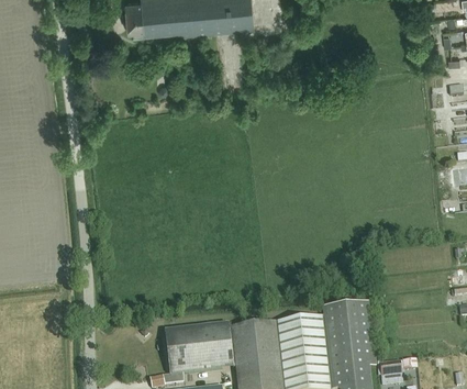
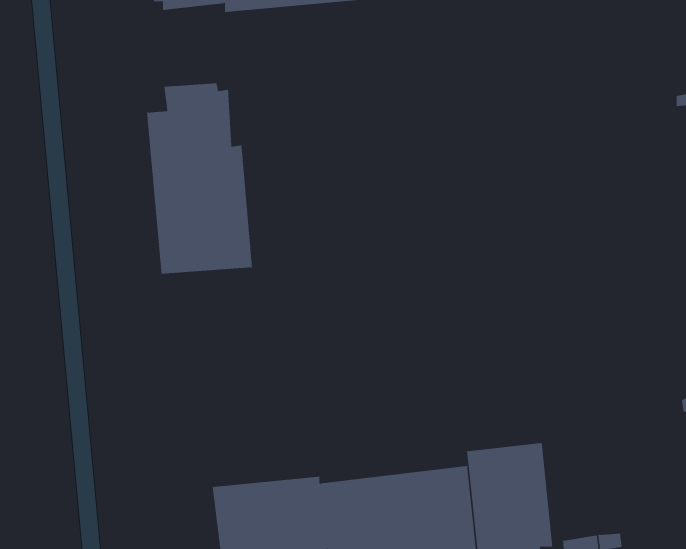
building: none -> [147,83,253,274]

